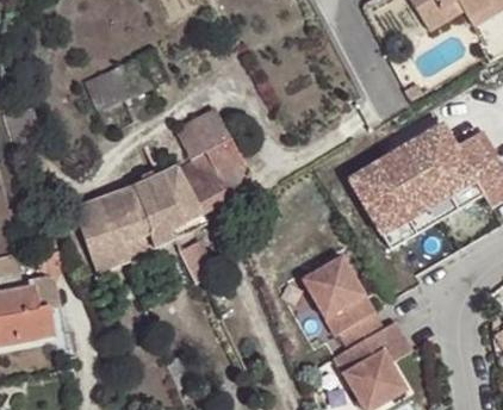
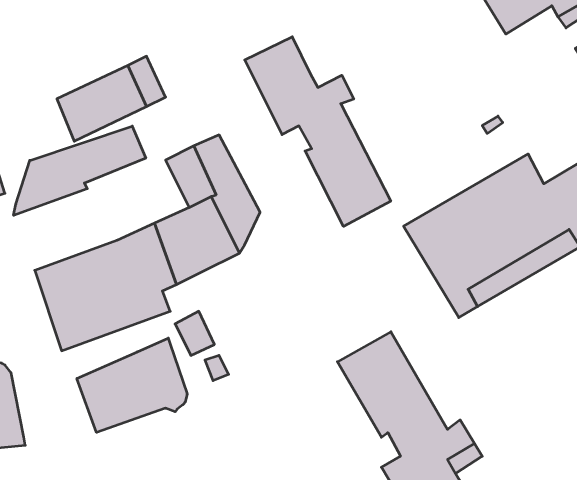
building: none -> [245,37,391,226]
building: none -> [14,126,146,215]
building: none -> [77,338,187,432]

